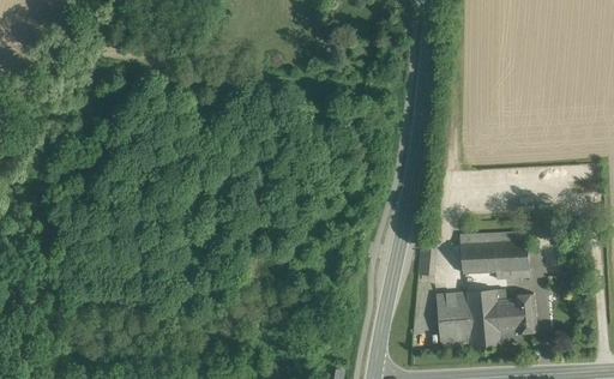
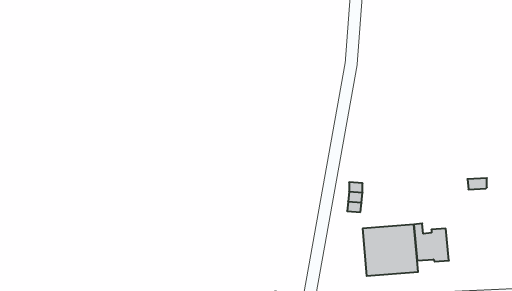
building: [459,233,530,279] -> none

